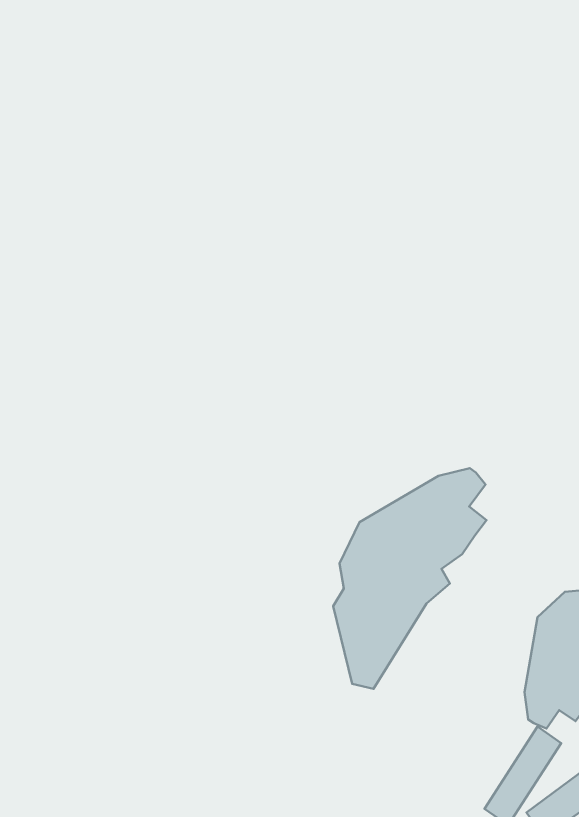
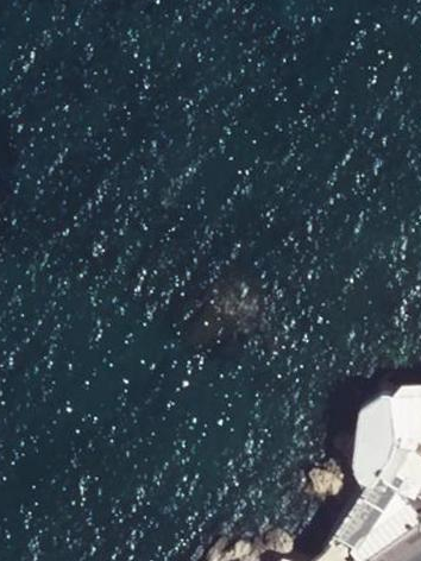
building: [333,468,486,689] -> none

